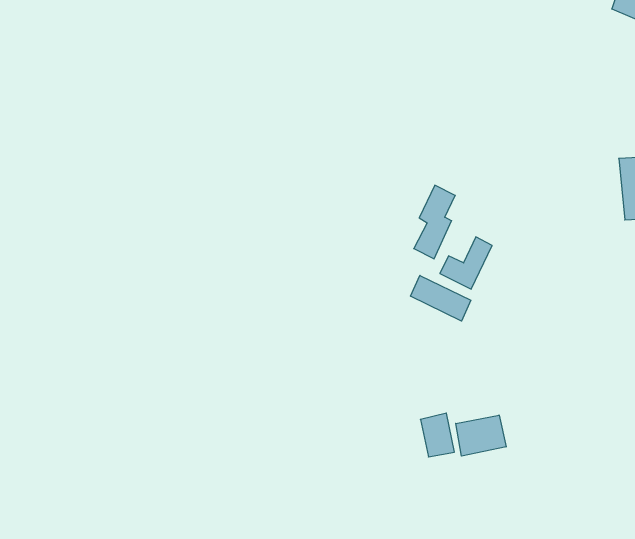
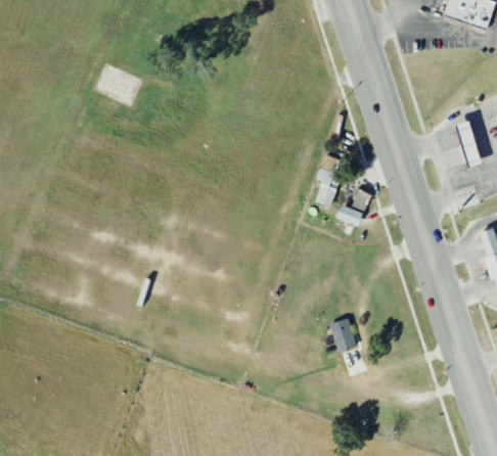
building: [411,275,471,321] -> none
building: [456,415,506,456] -> none

